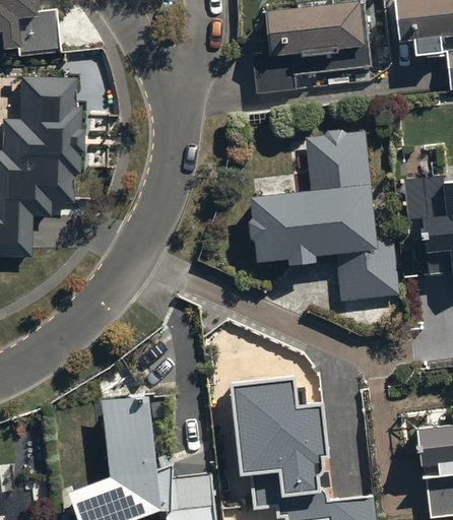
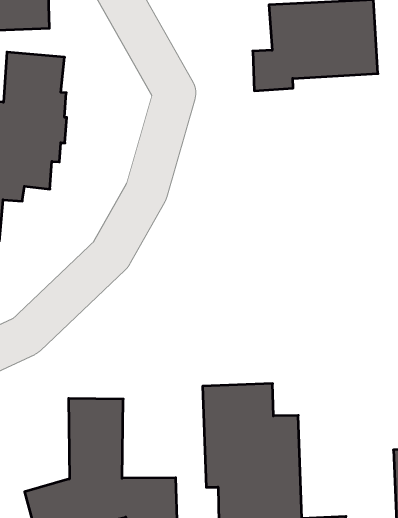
building: [251,134,399,295] -> none

